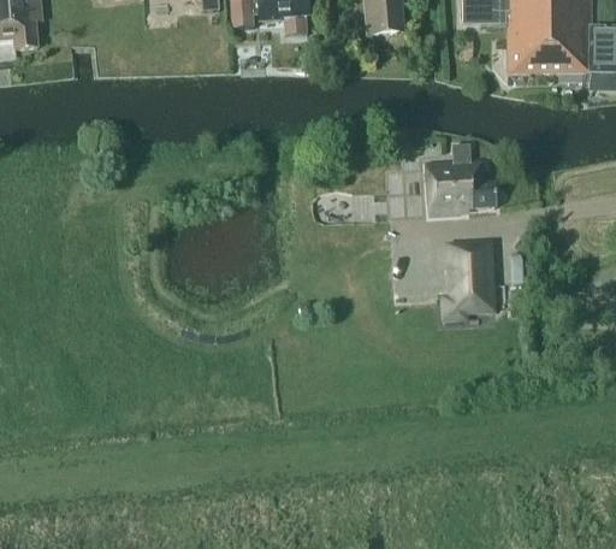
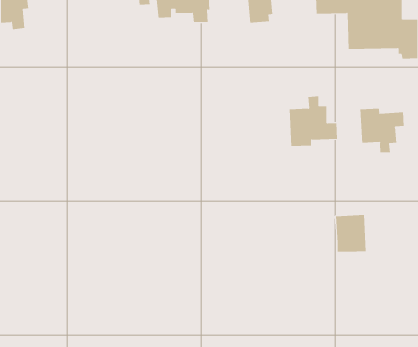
building: none -> [360,108,404,153]
building: [446,258,492,313] -> [335,215,366,252]

